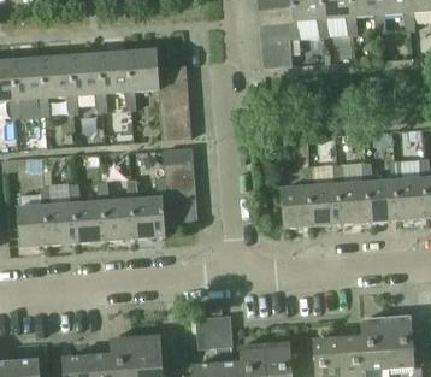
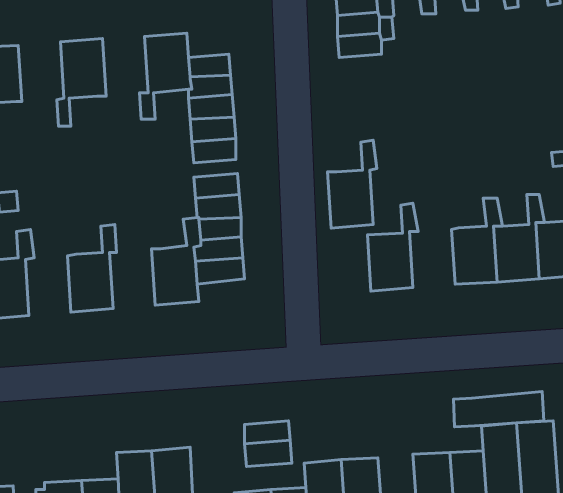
building: [96,52,131,111] -> none
building: [41,55,73,116] -> none
building: [311,164,344,224] -> [328,140,377,228]
building: [105,178,140,238] -> none
building: [47,183,82,243] -> none
building: none -> [453,392,544,427]

